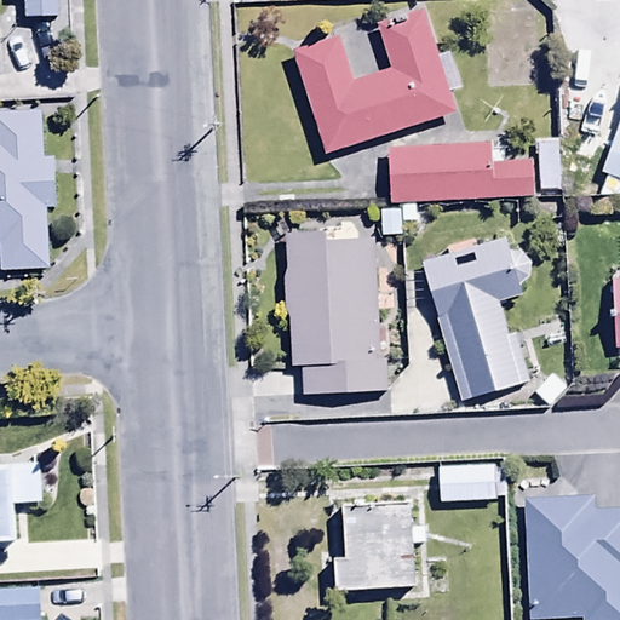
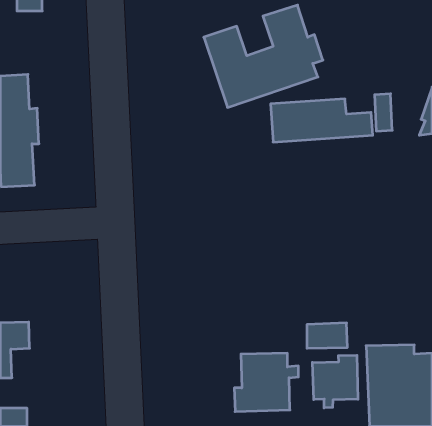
building: [282,228,384,394] -> none
building: [420,236,530,401] -> none
building: none -> [312,355,358,408]

